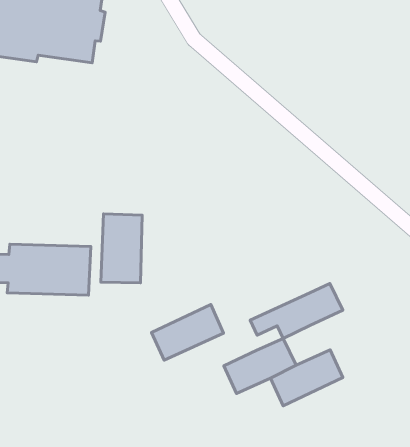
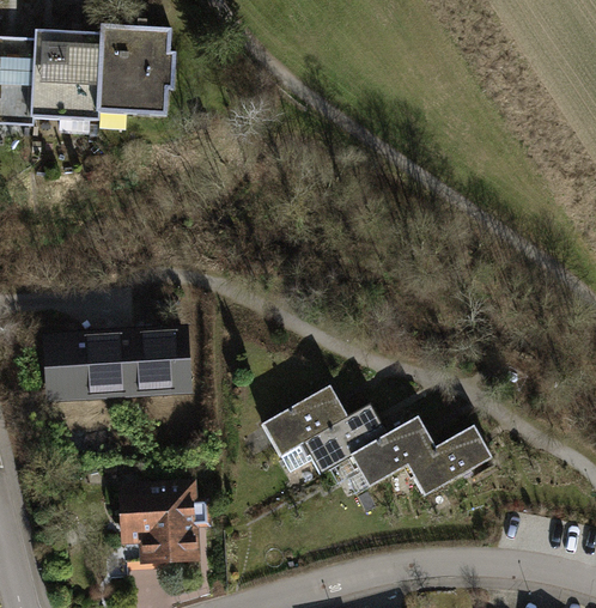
building: [101,214,142,283] -> none
building: [250,284,343,338] -> [279,403,387,473]
building: none -> [118,484,206,560]

